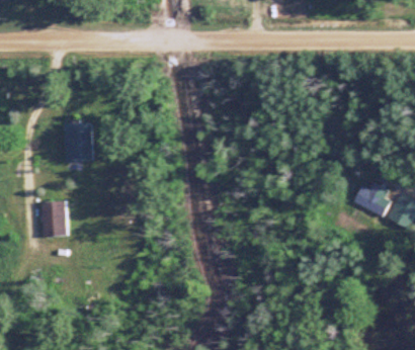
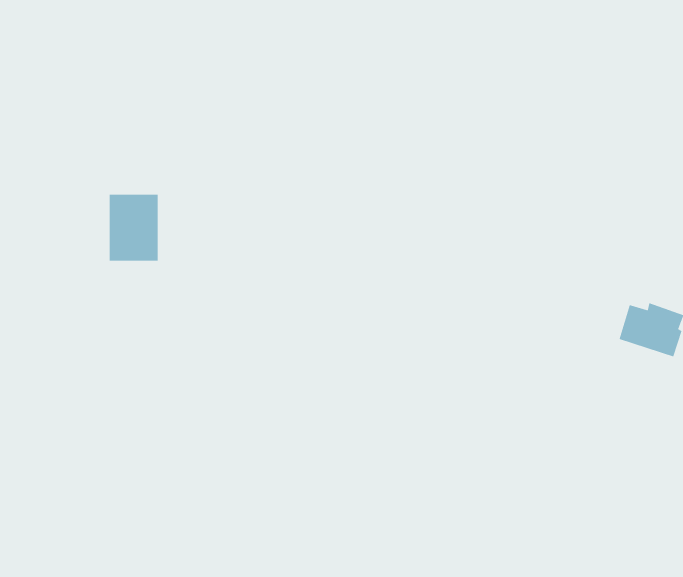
building: [42,199,69,234] -> none

